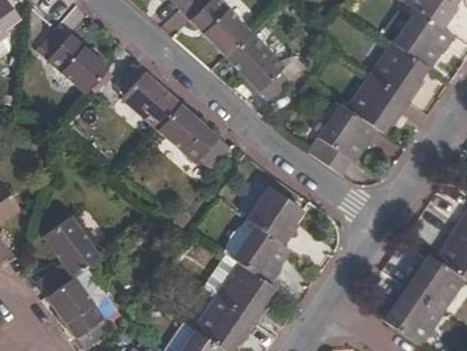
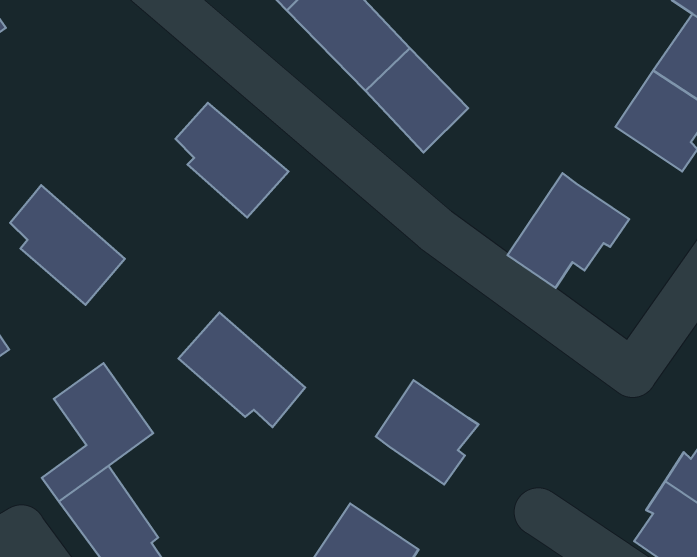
building: [41,24,108,94] -> [10,185,125,305]
building: [348,77,410,134] -> none
building: [156,103,230,170] -> [178,312,305,427]
building: [248,187,304,247] -> none
building: [216,264,275,324] -> none

